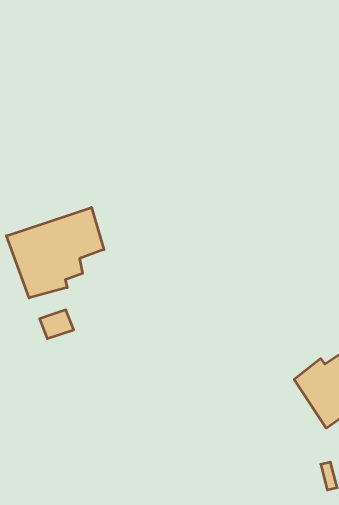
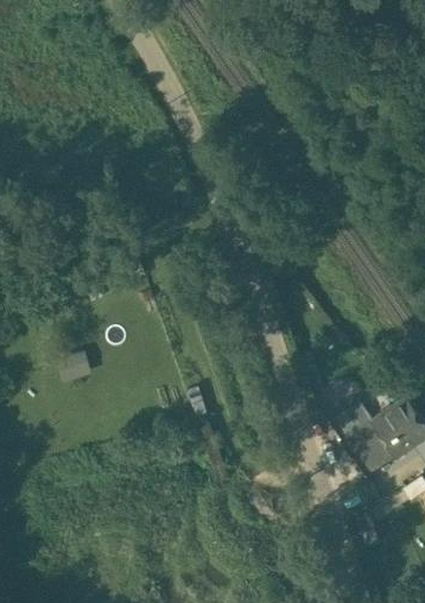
building: [6,207,104,298] -> none

